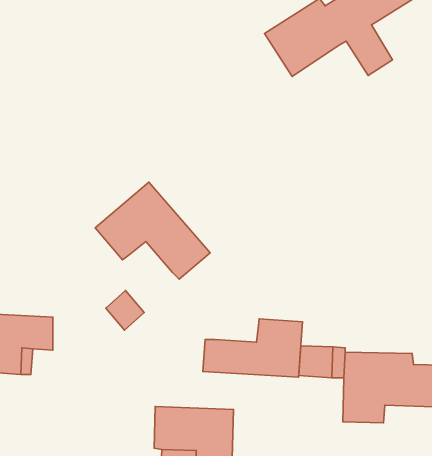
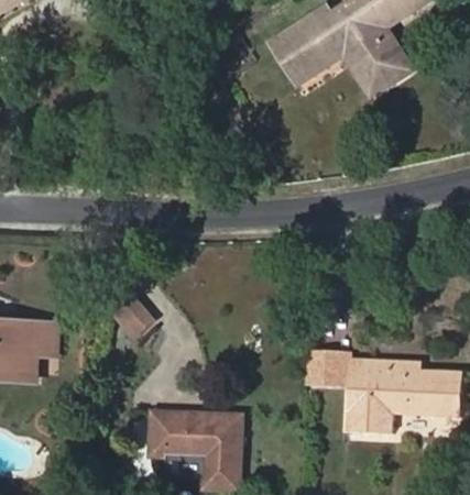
building: none -> [345,28,412,95]
building: [95,182,210,279] -> none
building: [203,319,302,377] -> none

